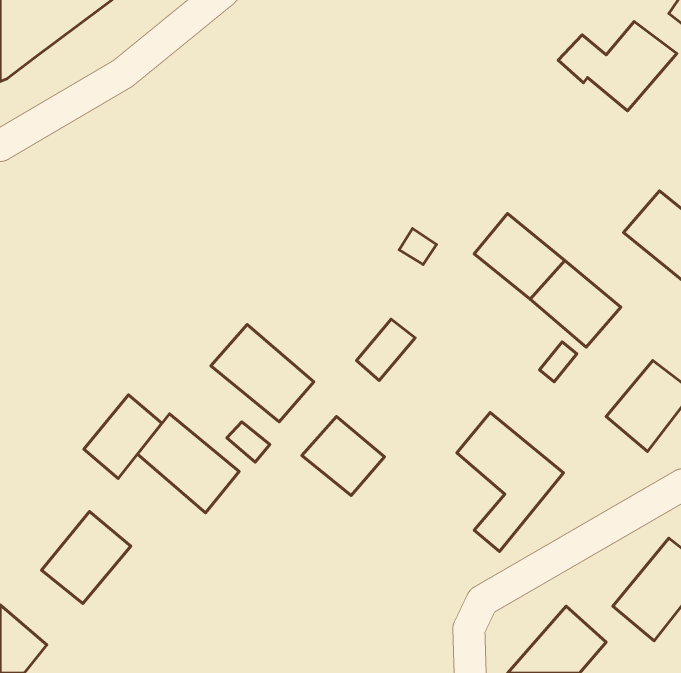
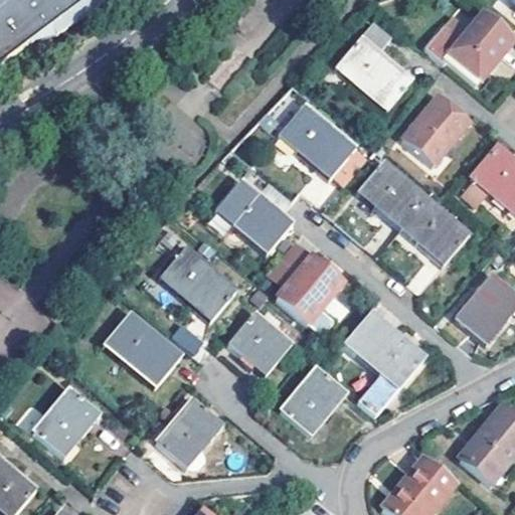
building: none -> [332,20,411,109]
building: none -> [400,95,469,166]
building: none -> [276,104,355,177]
building: none -> [215,178,292,251]
building: none -> [278,254,345,325]
building: [84,395,162,478] -> none
building: none -> [281,365,349,436]
building: none -> [157,398,224,468]

